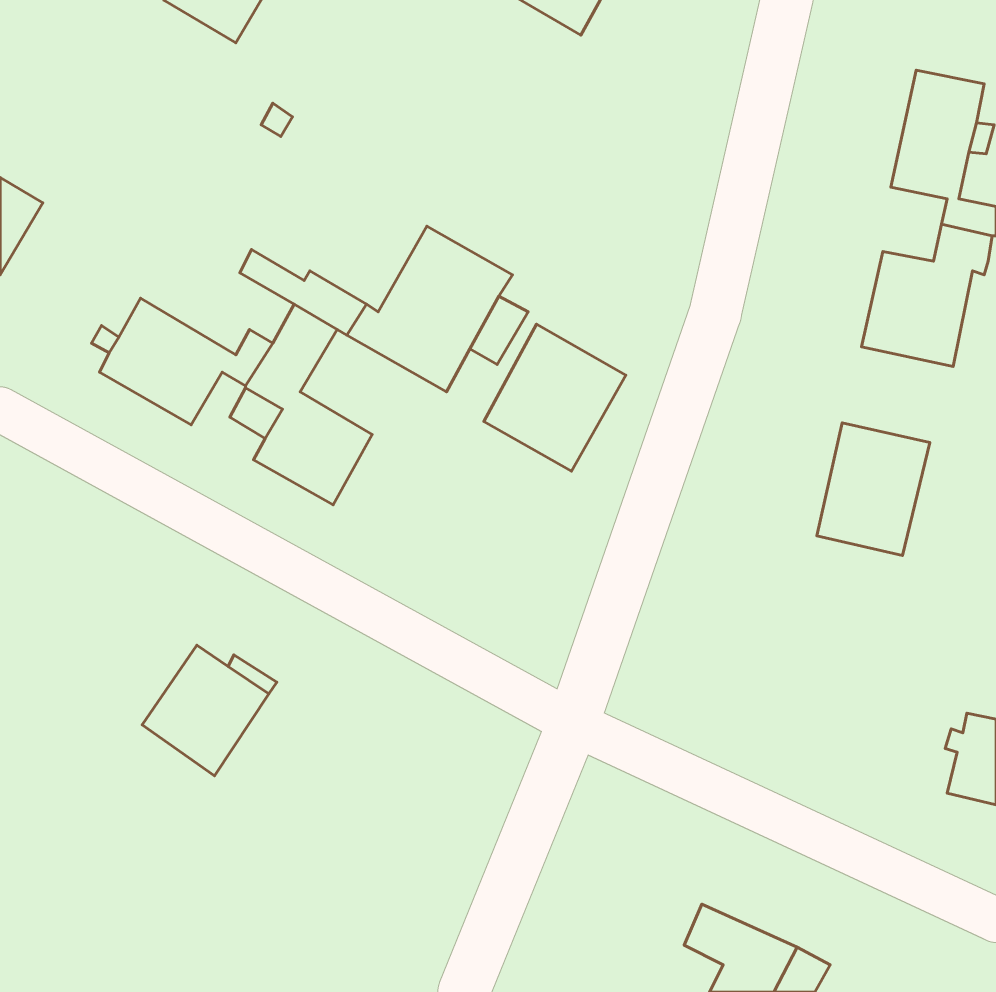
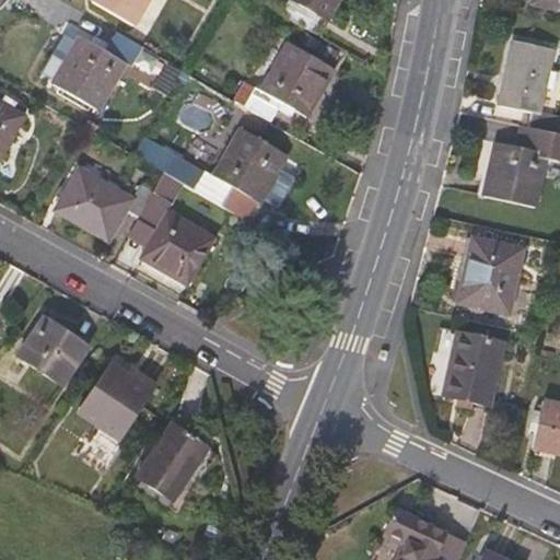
building: none -> [52,31,142,108]
building: none -> [241,42,336,121]
building: [484,324,626,471] -> none
building: none -> [18,316,88,385]
building: none -> [442,331,503,406]
building: none -> [136,421,207,500]

